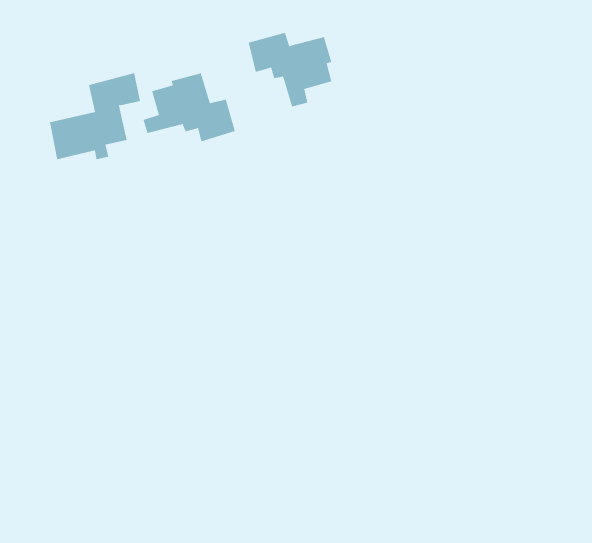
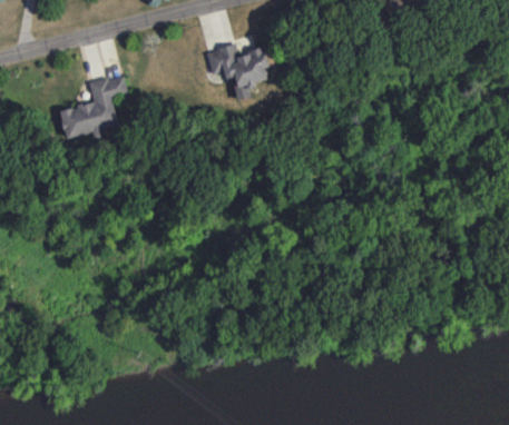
building: [143,73,235,142] -> none

